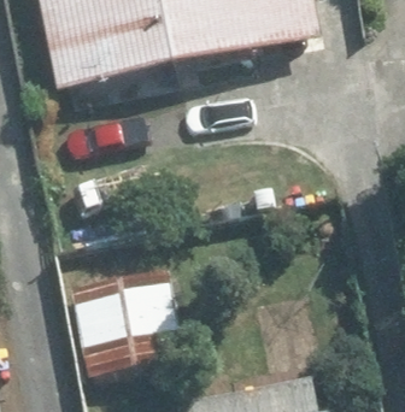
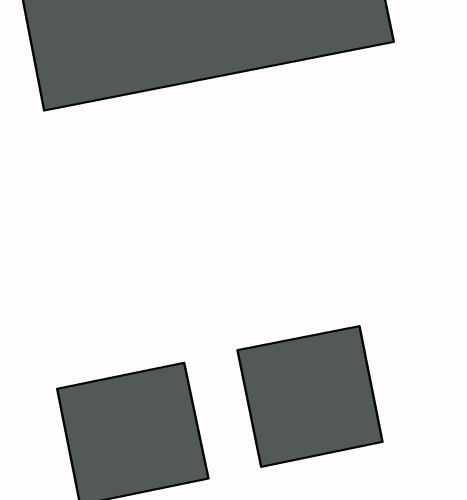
building: none -> [237,326,383,467]

